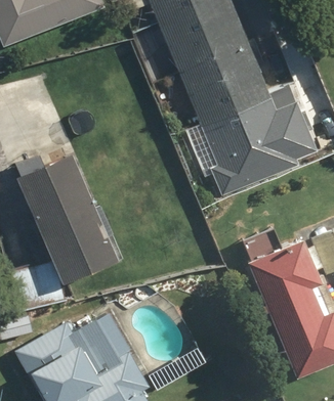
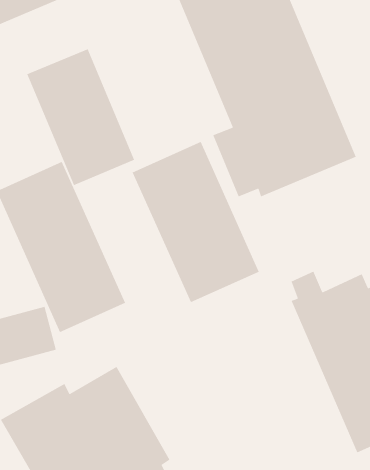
building: none -> [26,48,135,186]
building: none -> [131,141,260,303]

